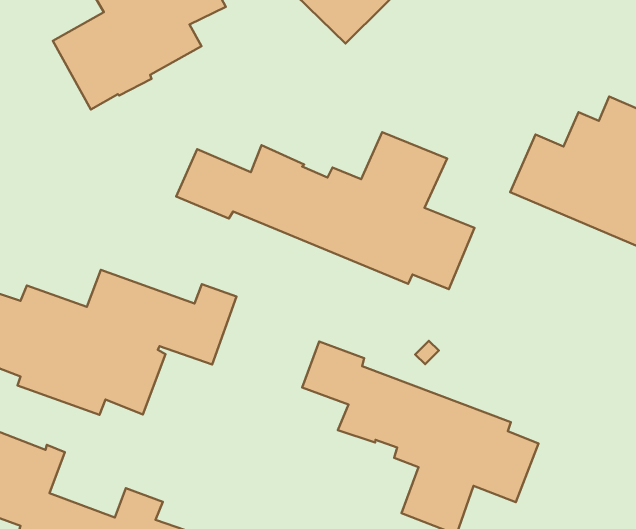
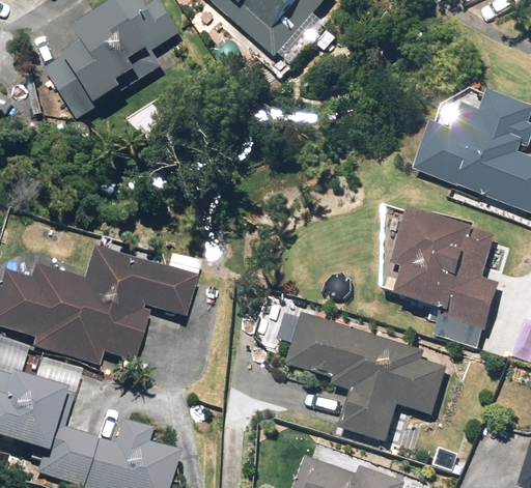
building: [176,132,475,289] -> none
building: none -> [395,213,500,329]

